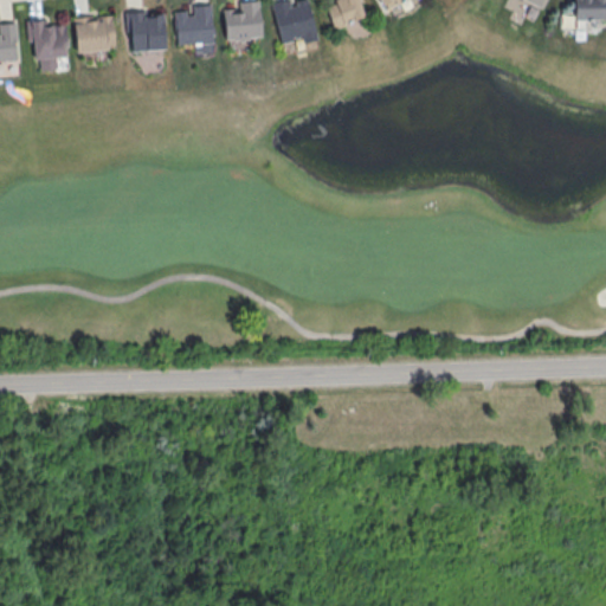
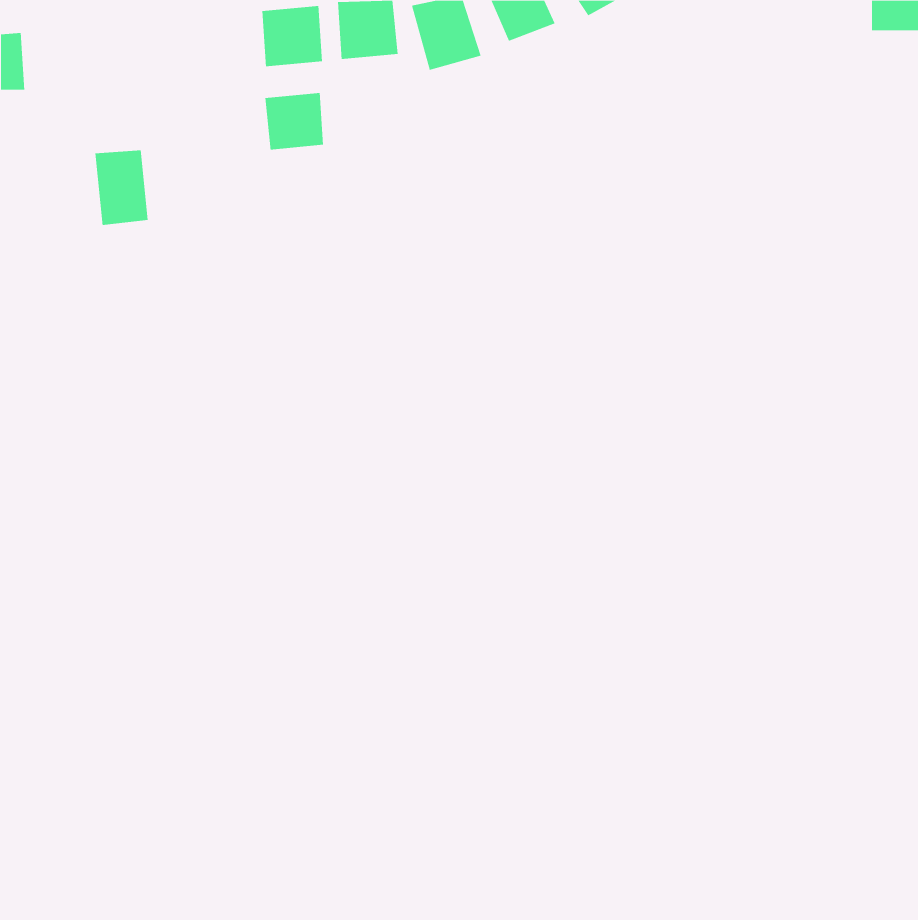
building: [128,13,167,51] -> [264,92,324,150]
building: [75,15,116,54] -> none
building: [36,22,71,72] -> [94,150,149,225]

